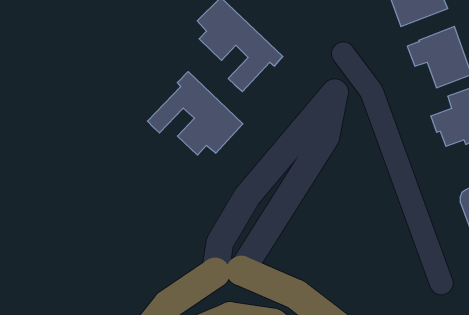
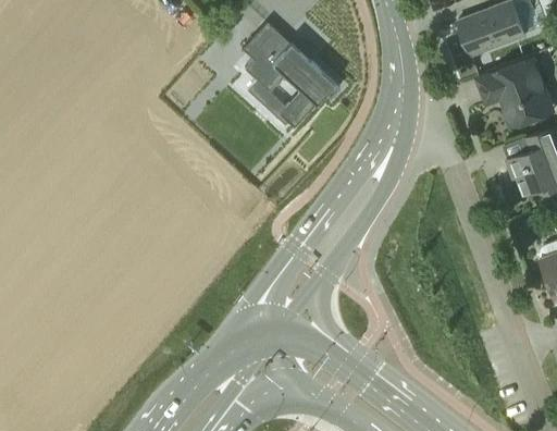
building: [147,72,243,155] -> none

